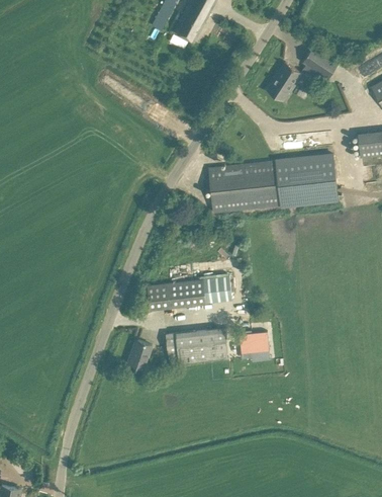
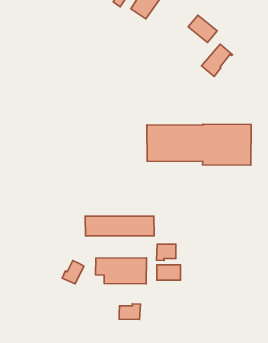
building: [301,48,337,79] -> [188,15,217,43]
building: none -> [157,244,176,261]
building: none -> [119,304,140,319]

